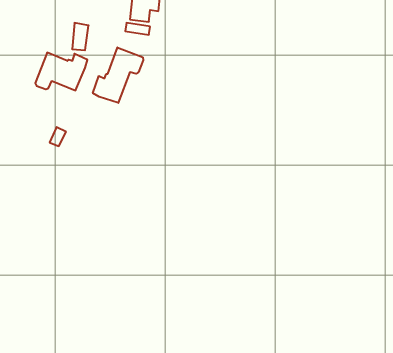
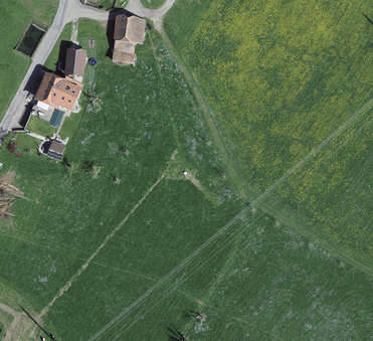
building: [93,47,143,103] -> none

